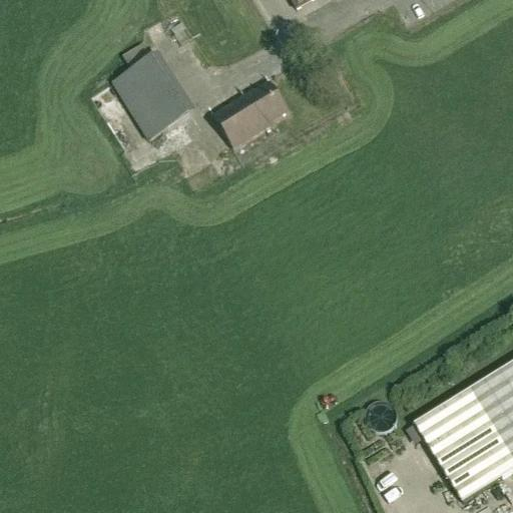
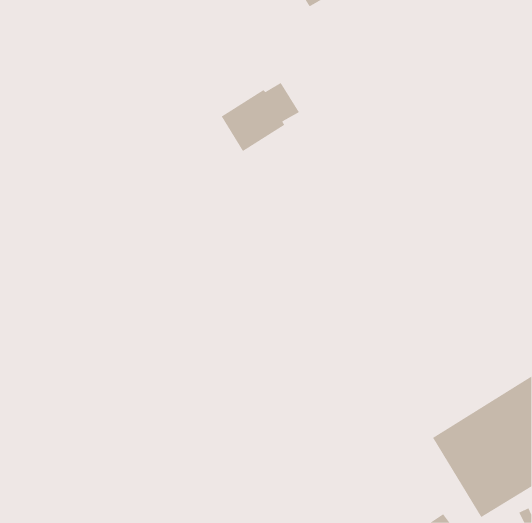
building: [111,49,196,138] -> none

